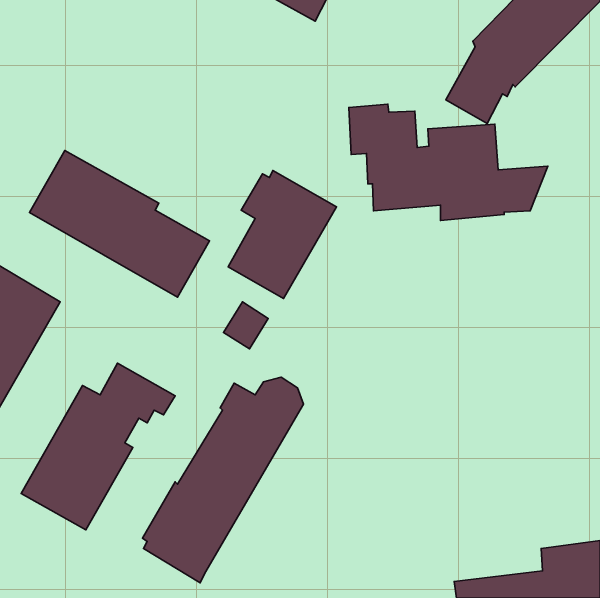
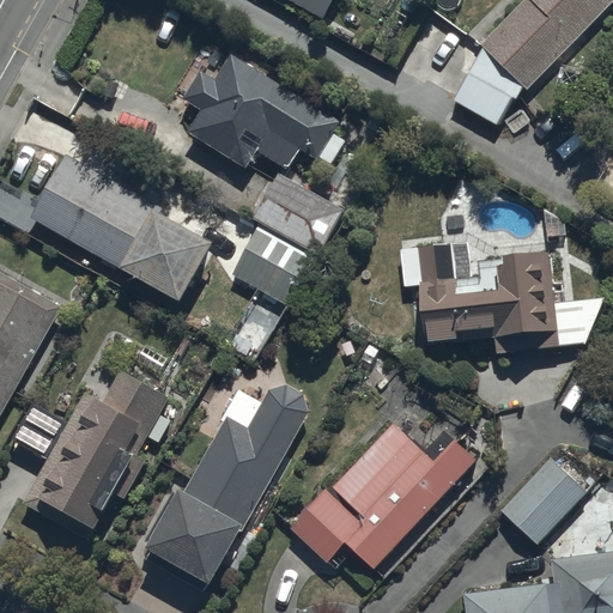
building: none -> [182,55,345,172]
building: [349,104,548,220] -> [401,235,603,353]
building: none -> [289,424,474,570]
building: none -> [499,459,587,546]

